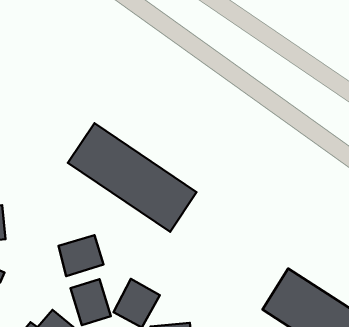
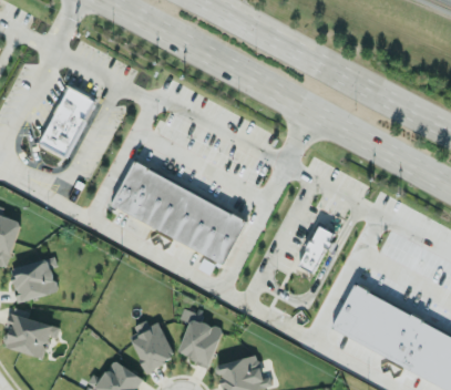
building: none -> [41,88,95,158]
building: none -> [299,226,335,275]
building: [59,235,103,276] -> none

